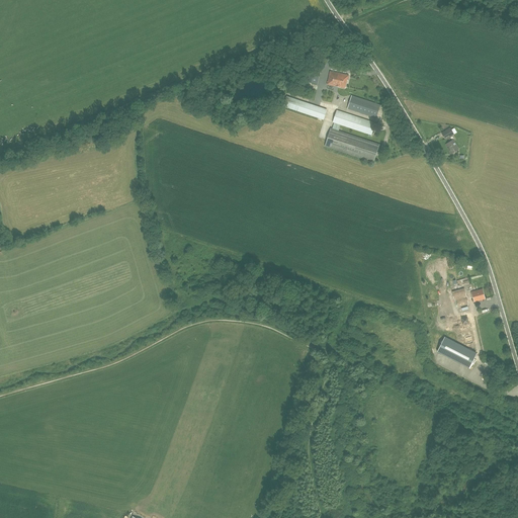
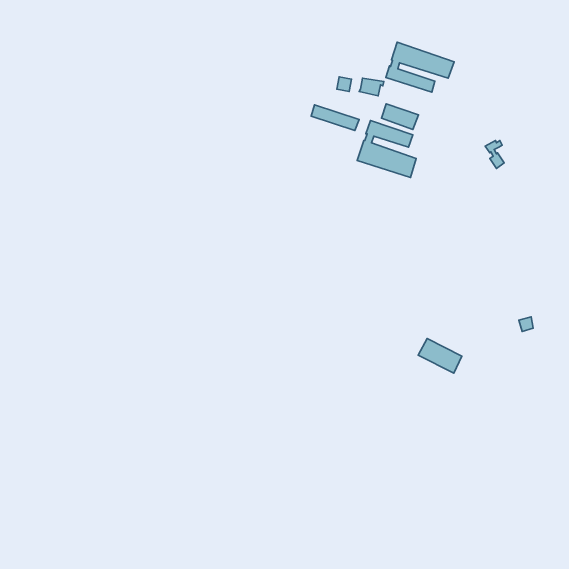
building: none -> [386,42,454,92]
building: [436,336,476,367] -> [418,338,462,373]

